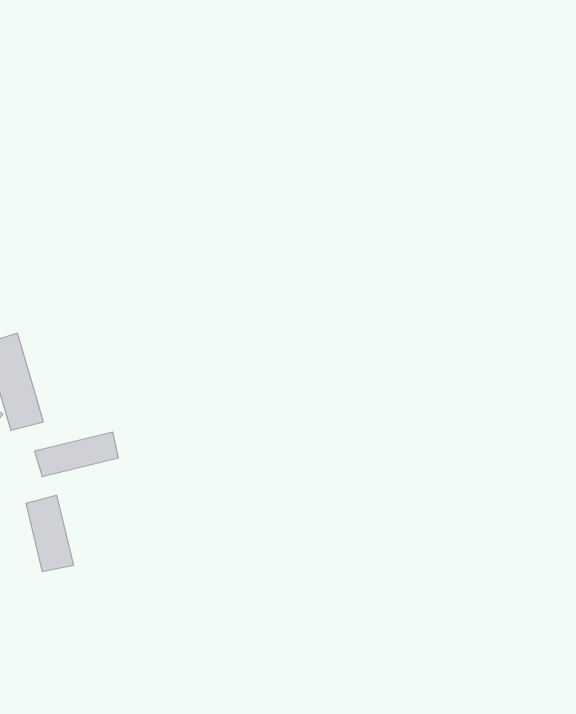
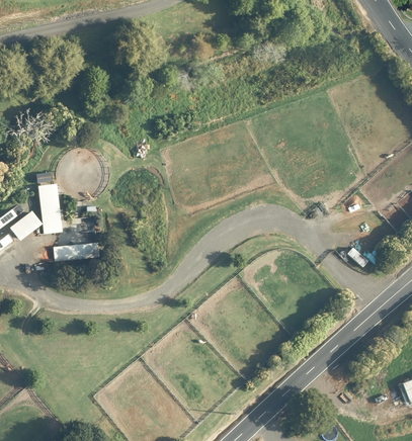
building: [26,495,73,572] -> none

